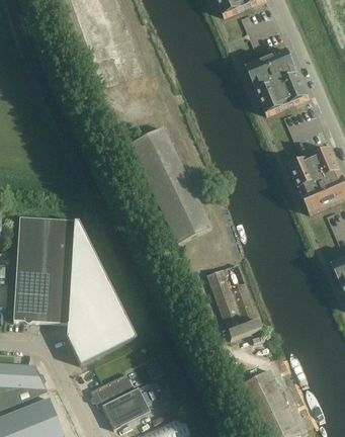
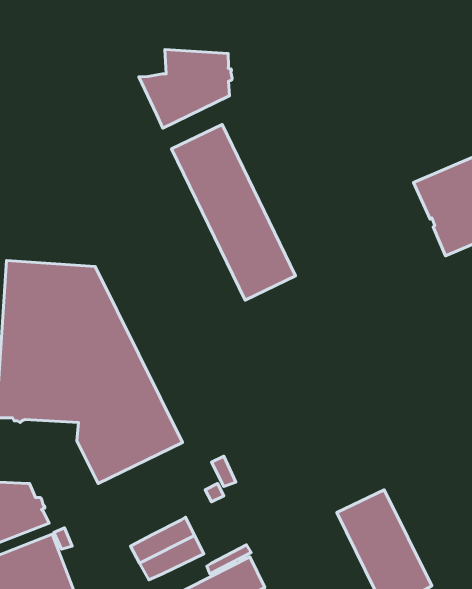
building: [246,49,309,115] -> none
building: none -> [139,50,232,128]
building: [206,268,260,339] -> none
building: [90,372,135,407] -> none

